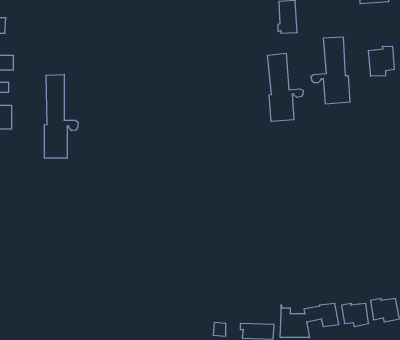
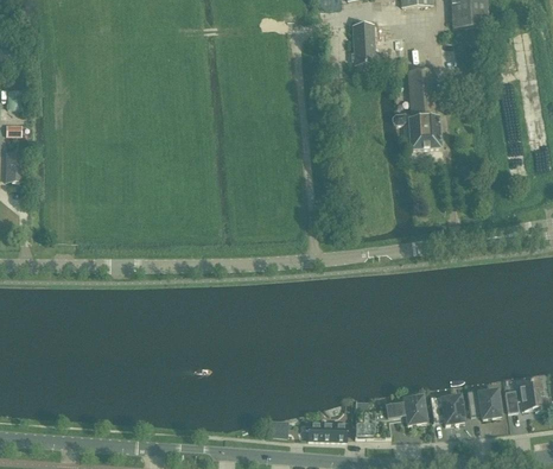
building: [368,46,394,76] -> none
building: [268,53,303,122] -> none
building: [44,74,78,158] -> none

